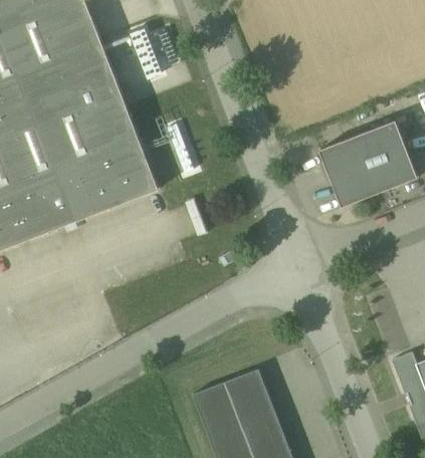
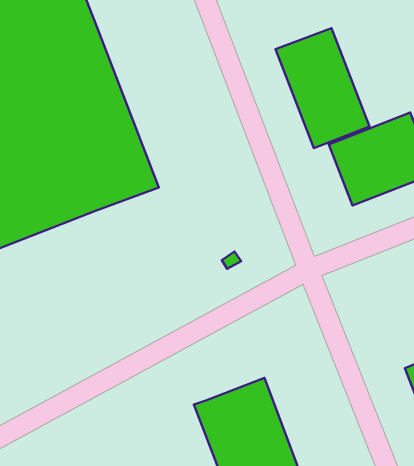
building: none -> [275,28,369,148]

